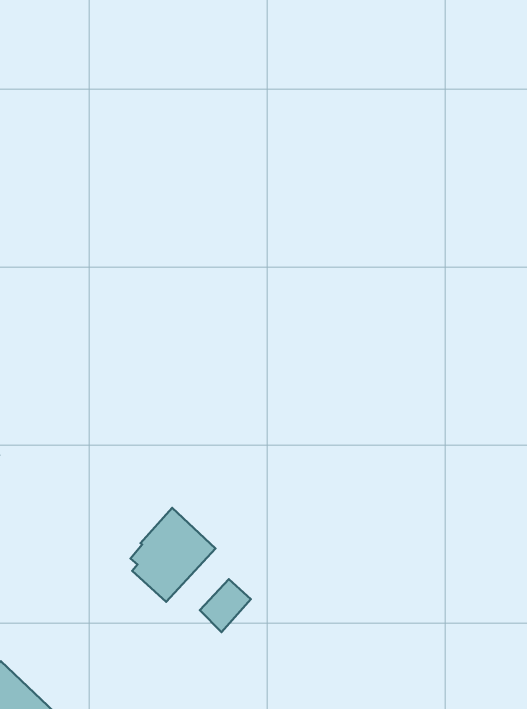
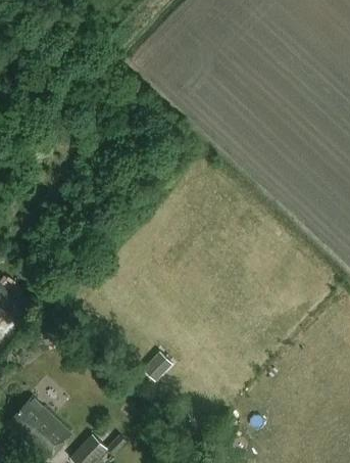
building: [130,508,215,602] -> none

